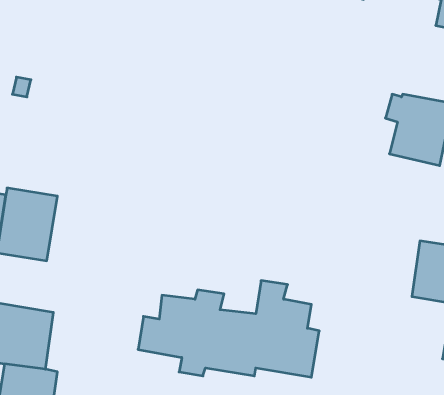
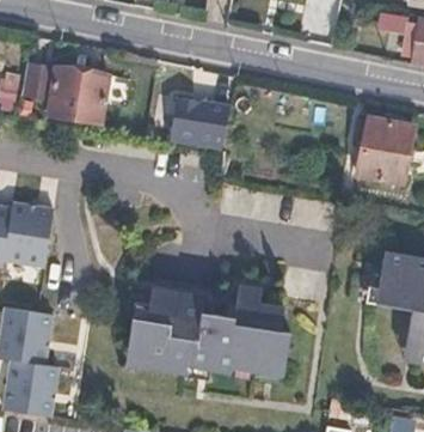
building: none -> [20,61,107,122]
building: none -> [162,98,231,153]

